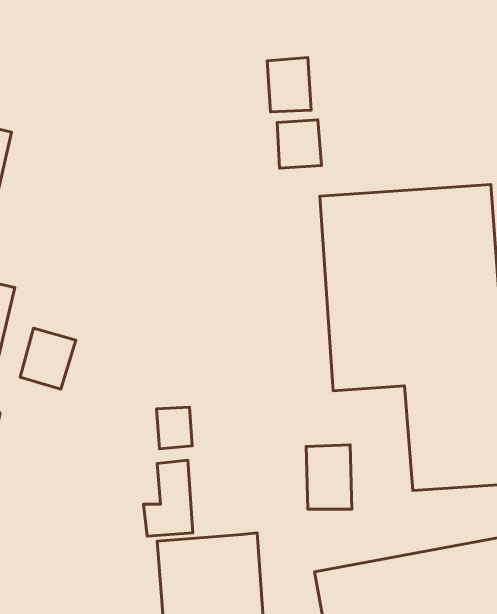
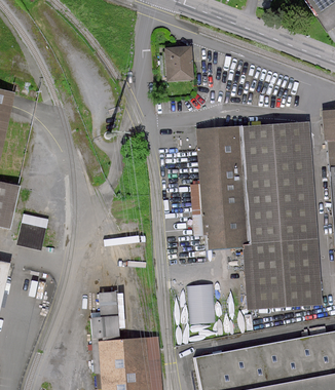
building: [277,120,322,168] -> none
building: [157,407,192,449] -> none

